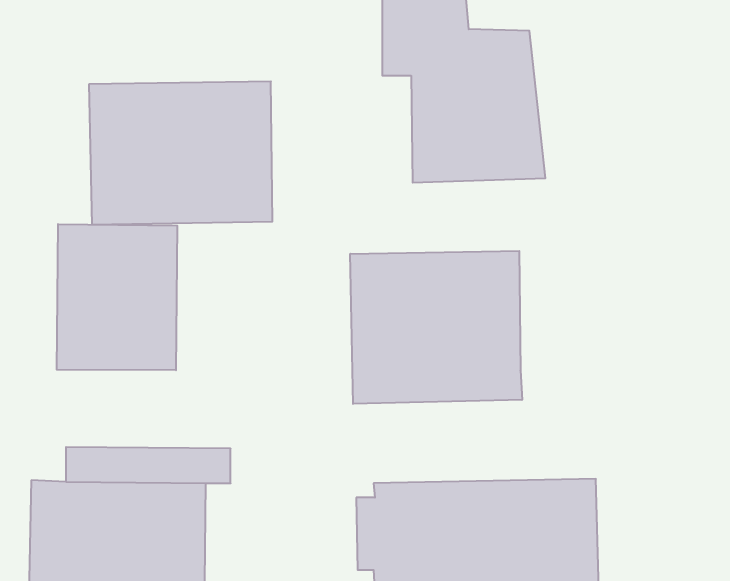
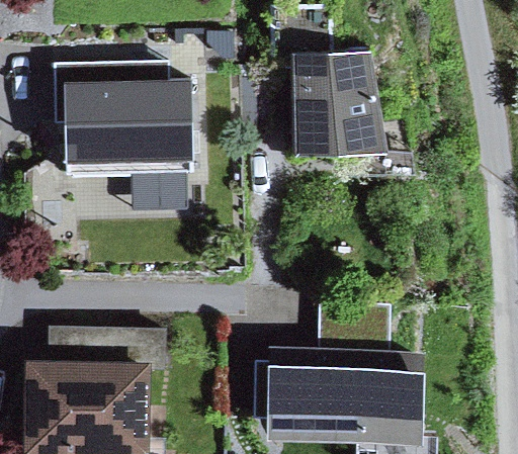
building: [57,224,177,370] -> none
building: [350,251,522,404] -> none

